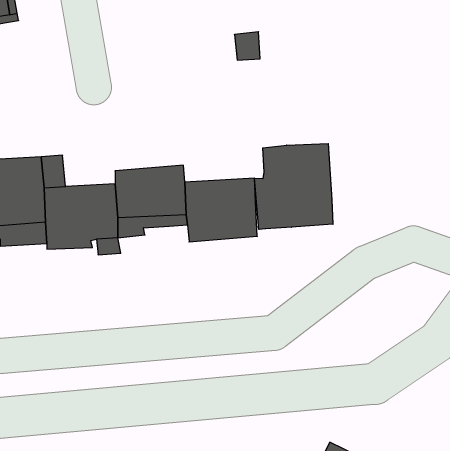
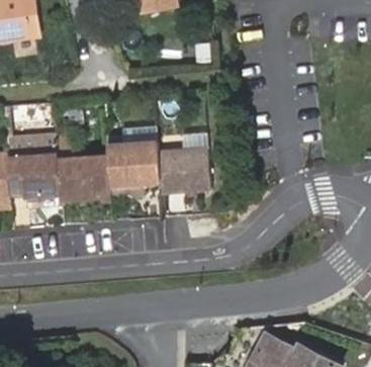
building: [254,144,333,229] -> none

